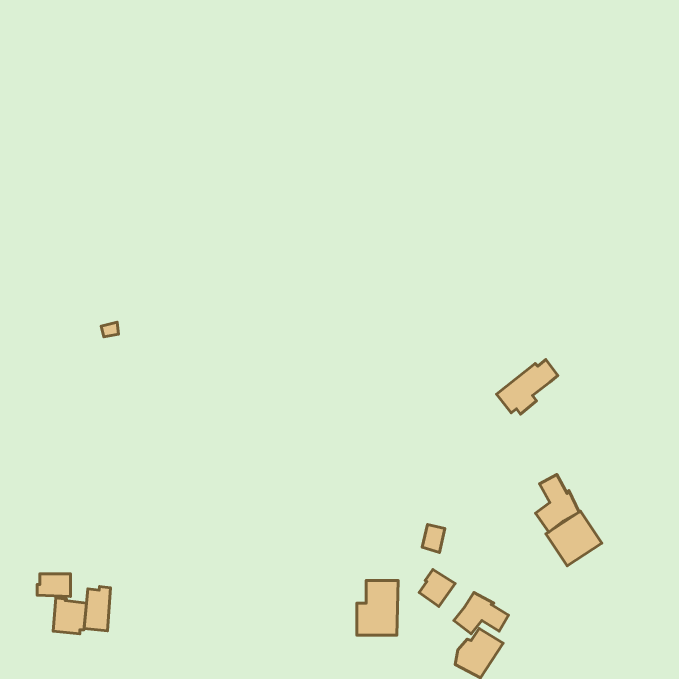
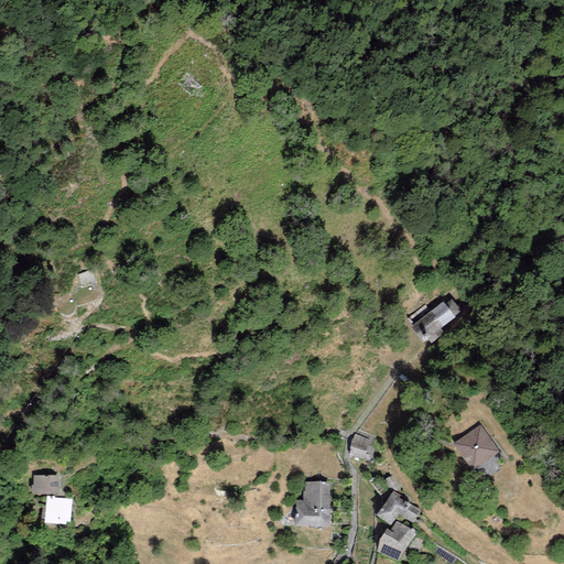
building: [535,475,579,532] -> none
building: [419,570,455,606] -> none
building: [84,587,111,631] -> none

